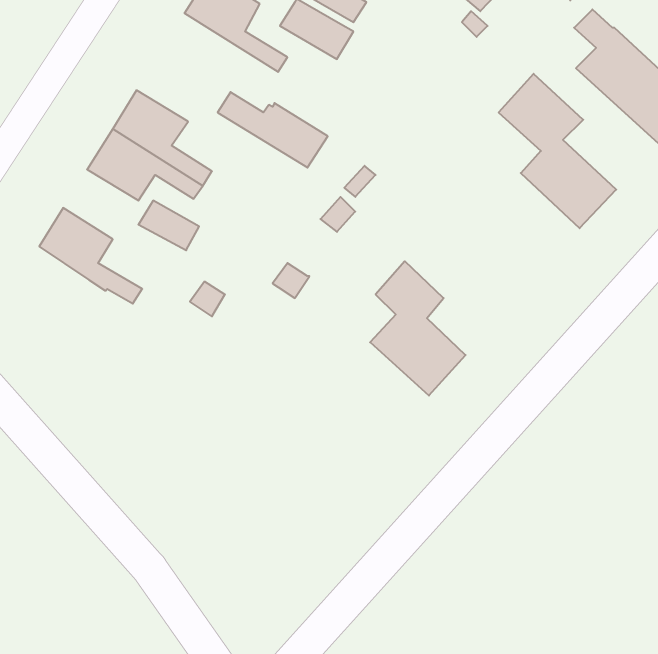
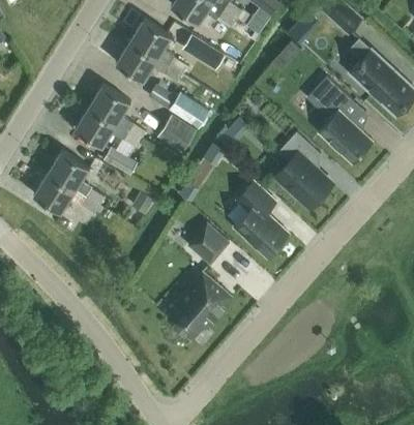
building: none -> [115,41,182,82]
building: none -> [157,114,197,152]
building: none -> [276,132,332,207]
building: none -> [33,173,100,213]
building: none -> [190,223,228,265]
building: none -> [168,271,233,338]

